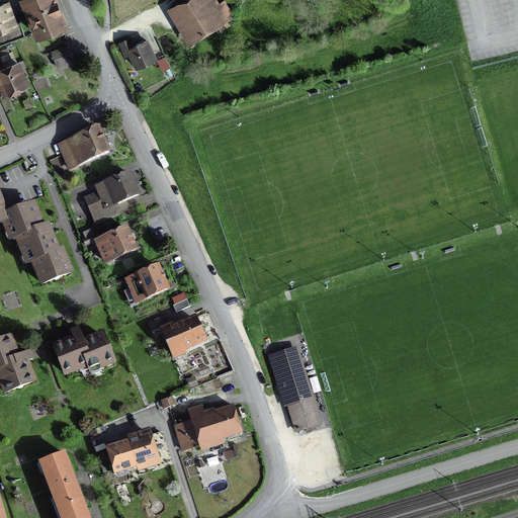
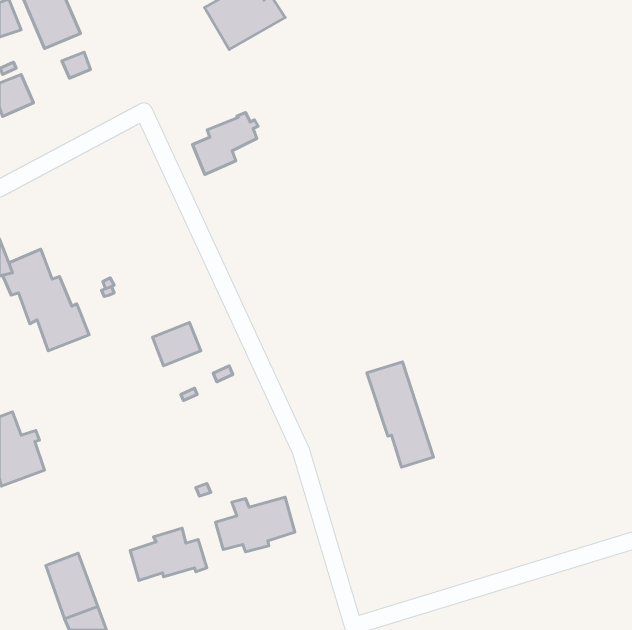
building: [117,36,156,66] -> none
building: [63,125,109,165] -> none
building: [84,170,138,221] -> [192,112,258,174]
building: [97,225,135,258] -> none
building: [161,318,204,359] -> none
building: [52,330,115,377] -> none
building: [266,343,321,429] -> [367,362,434,467]

